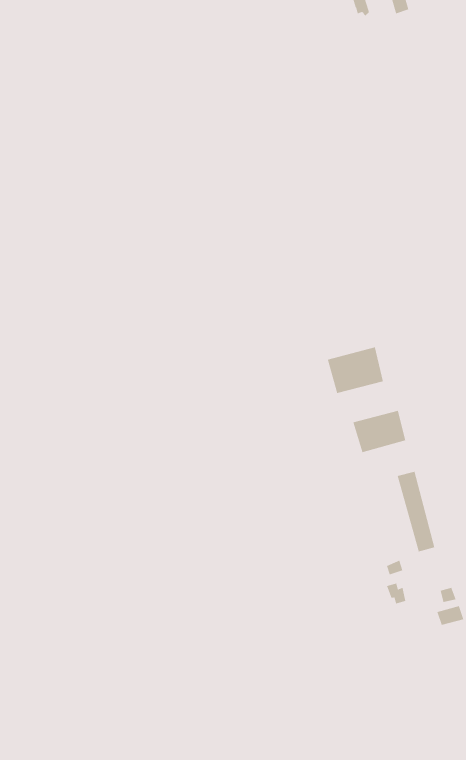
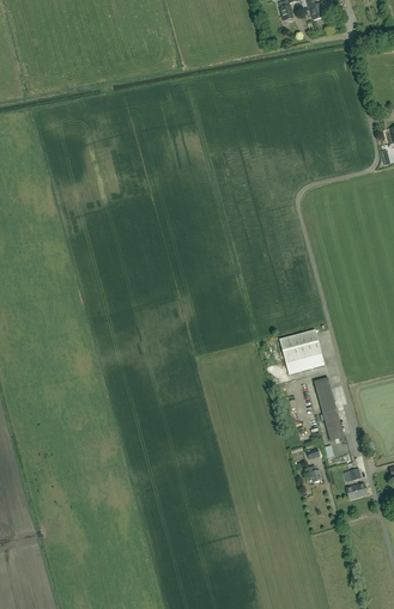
building: [327,346,384,394] -> none

